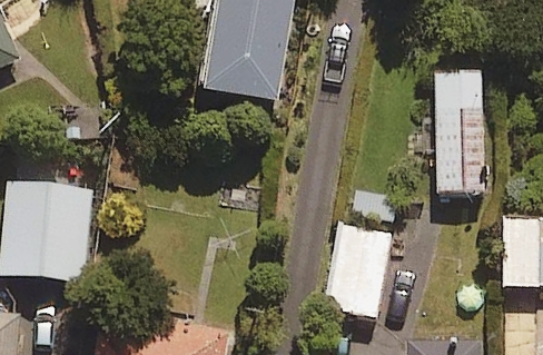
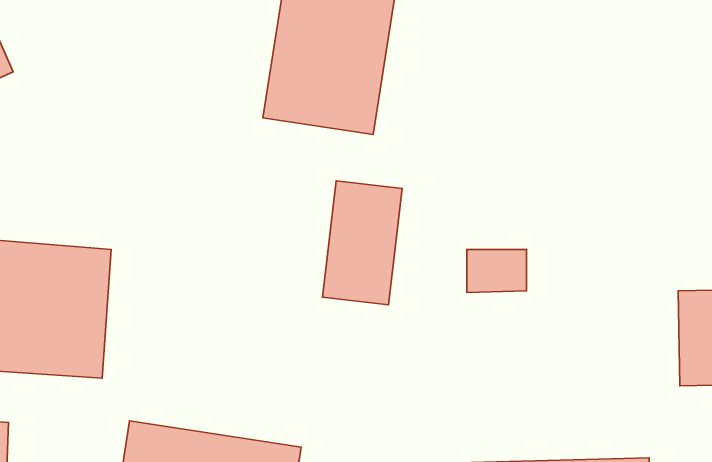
building: [434,71,485,191] -> none
building: [330,227,388,317] -> [322,181,402,305]

